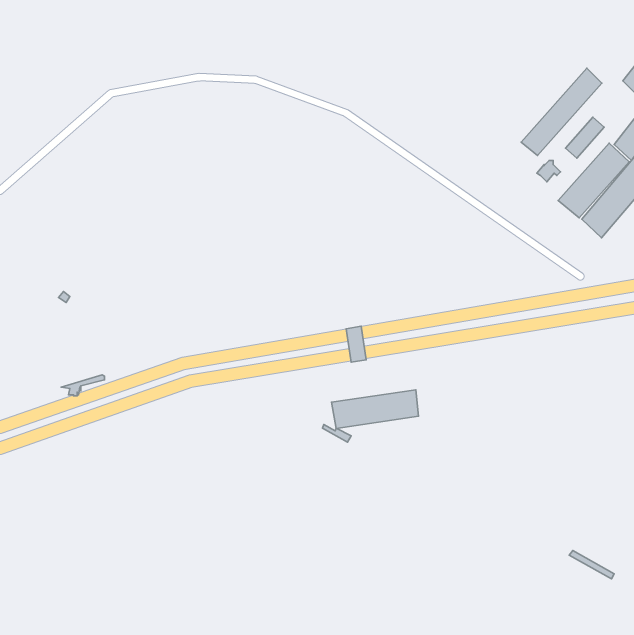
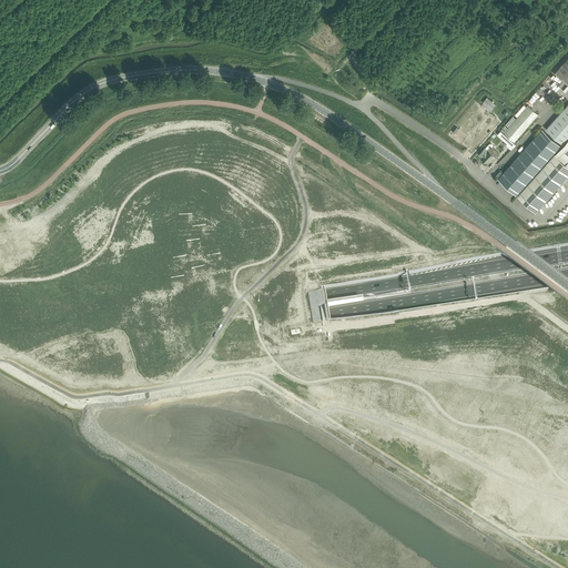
building: [521,68,602,155] -> none
building: [331,390,419,428] -> none

